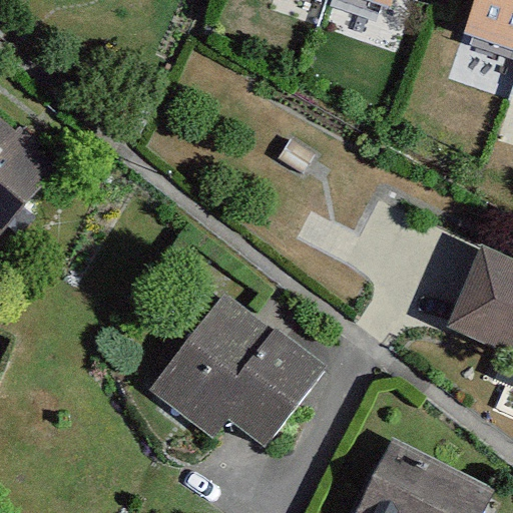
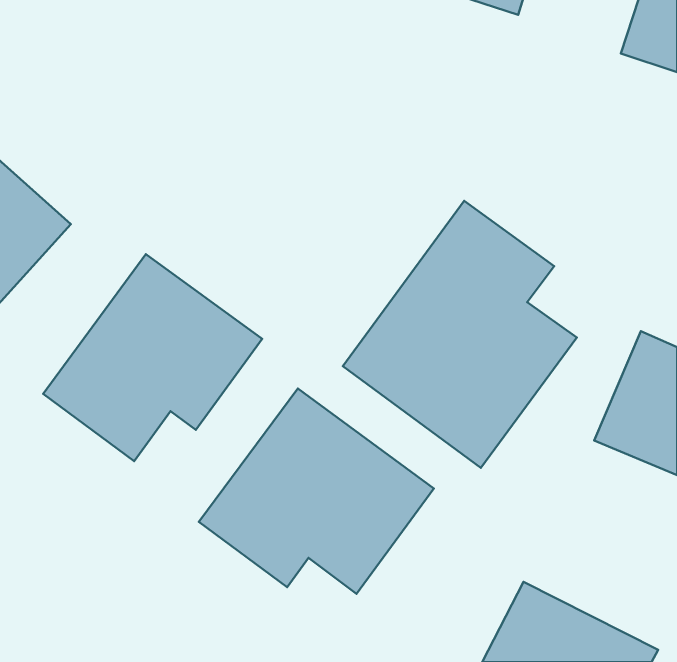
building: none -> [343,201,577,468]
building: none -> [43,254,262,461]

